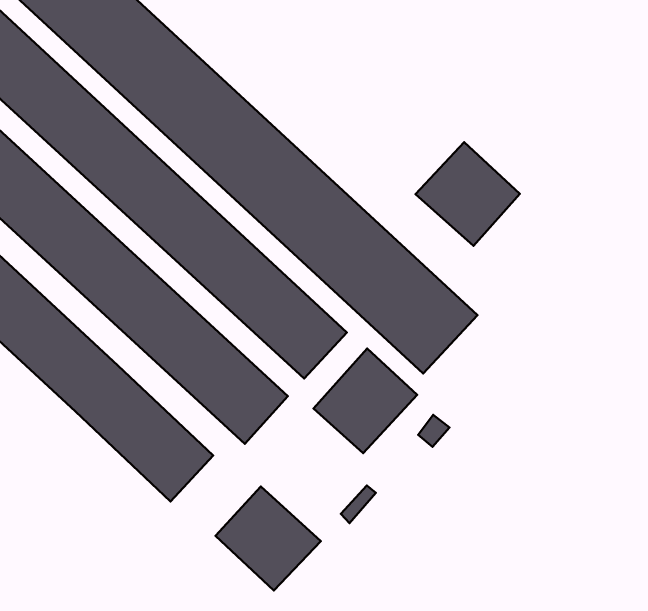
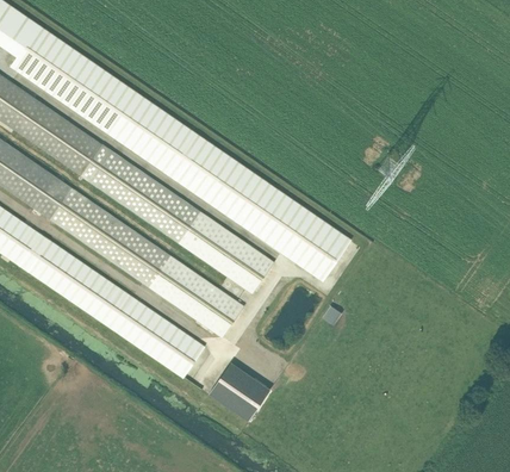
building: [416,142,520,246] -> none
building: [313,348,417,453] -> none

